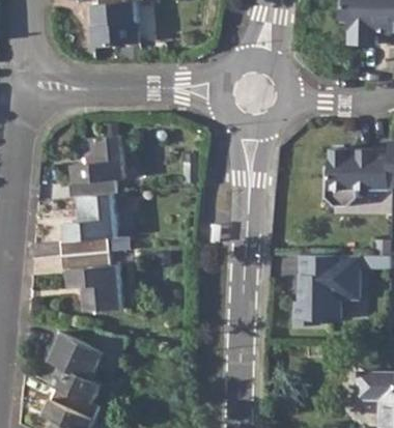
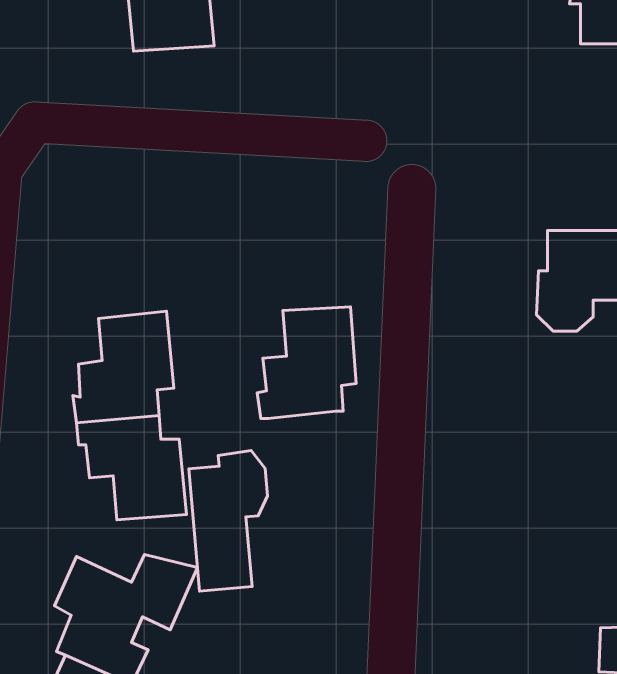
building: [68,135,124,198] -> [257,307,356,418]
building: [293,257,358,322] -> none
building: none -> [189,451,268,591]

